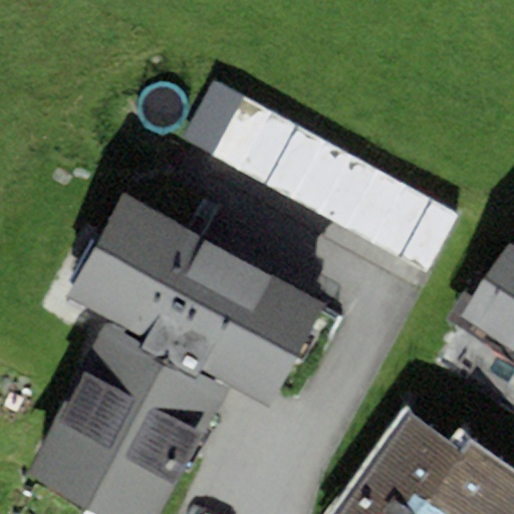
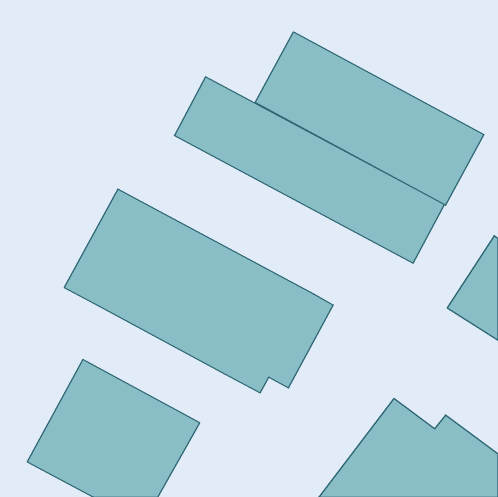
building: none -> [255,32,484,205]
building: [80,318,232,436] -> none

